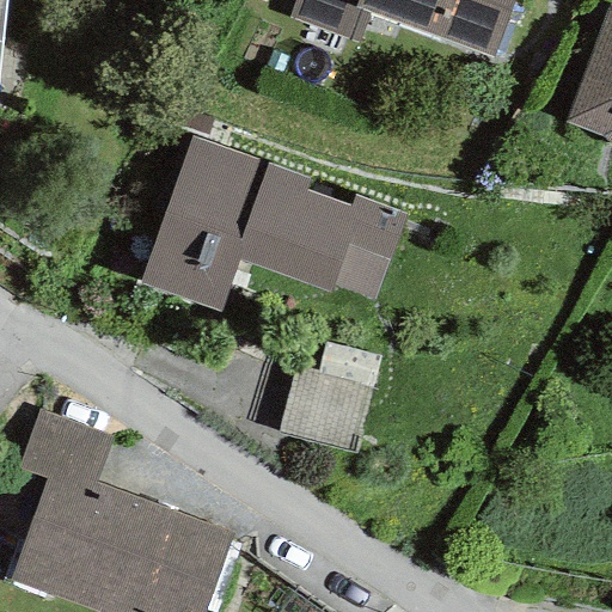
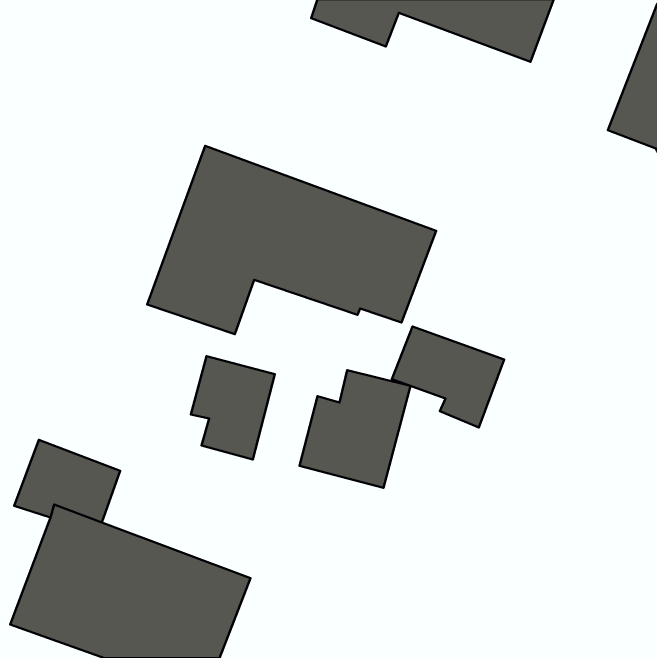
building: none -> [392,326,504,428]
building: none -> [191,356,275,460]

